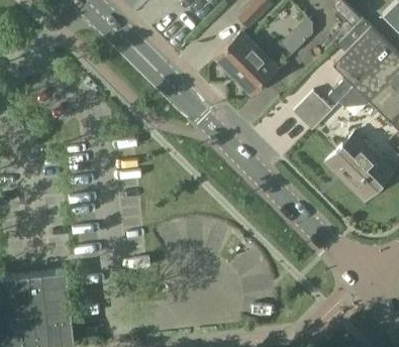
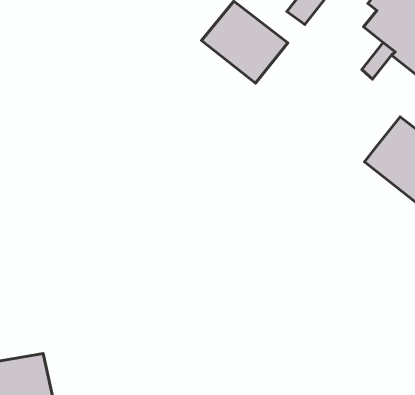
building: [295,92,332,129] -> none

